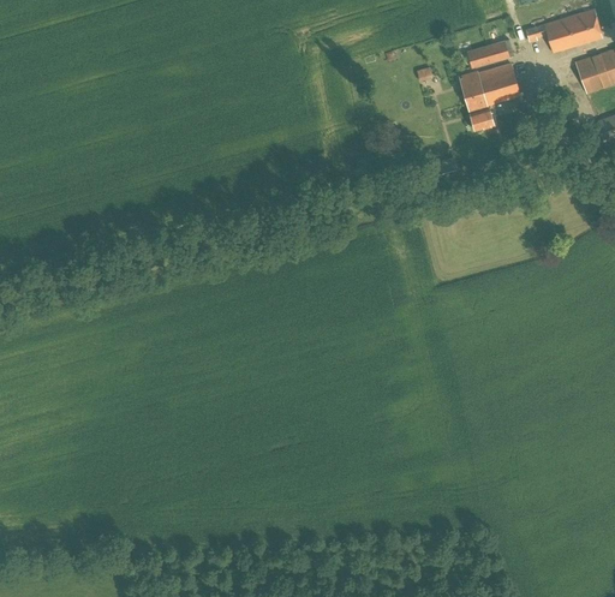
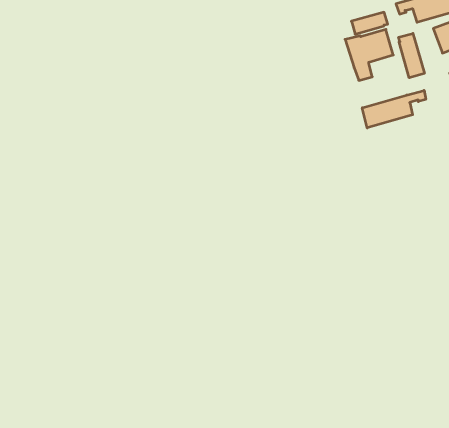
building: none -> [399,33,424,78]
building: none -> [362,90,426,128]

